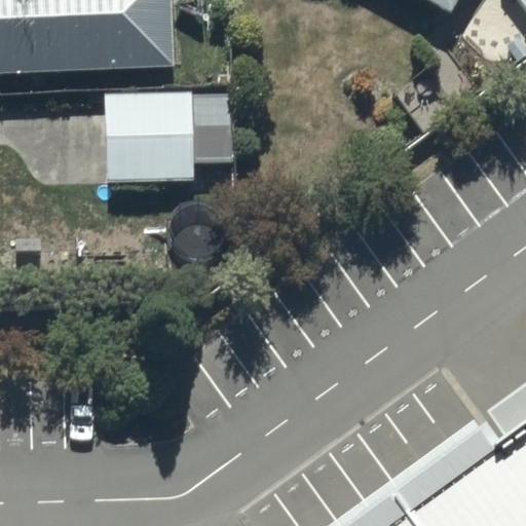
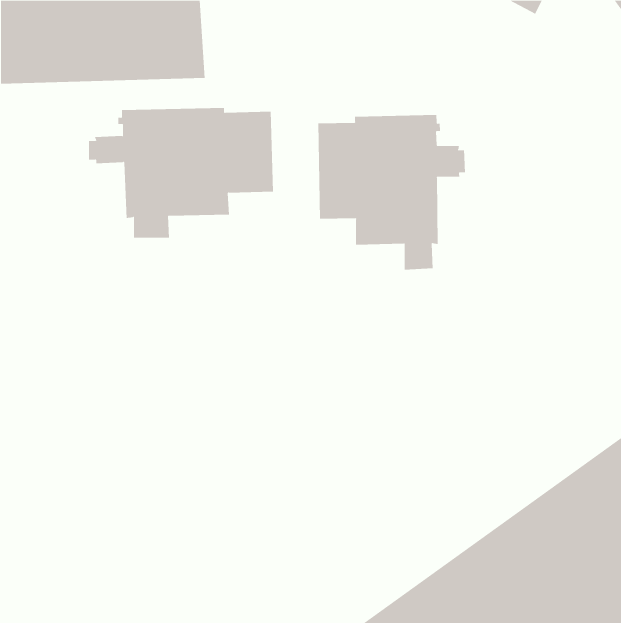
building: none -> [318,114,465,270]

